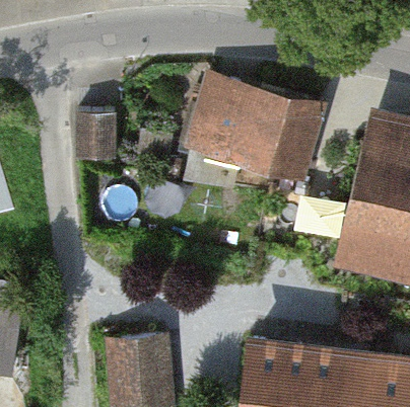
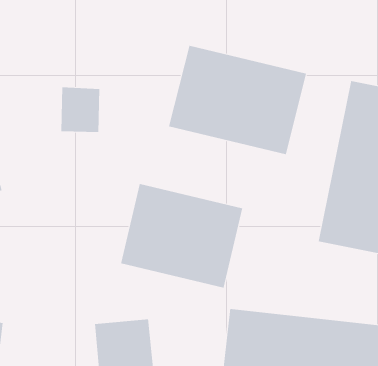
building: none -> [121,183,243,289]

